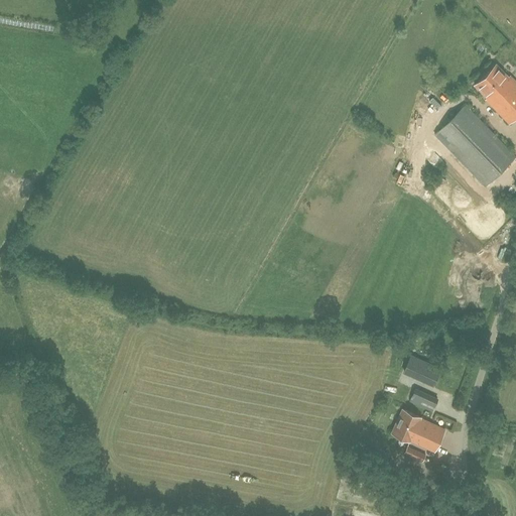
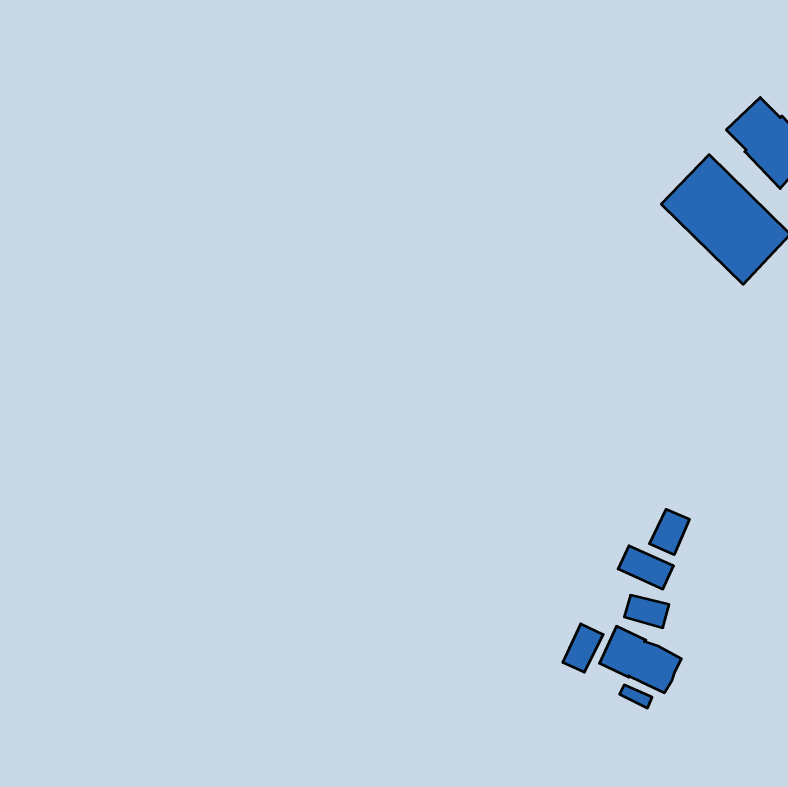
building: none -> [649,509,689,555]
building: none -> [563,624,603,672]

